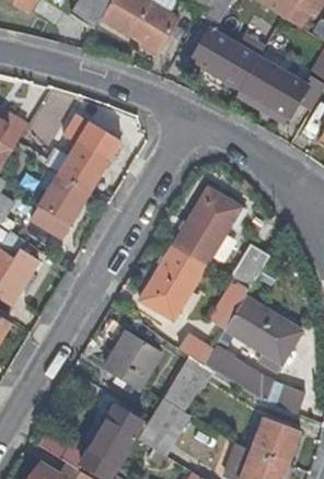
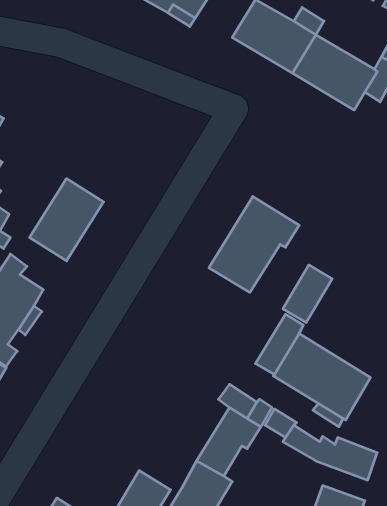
building: [44,115,118,191] -> none
building: [138,244,205,319] -> none
building: [103,334,160,393] -> none

